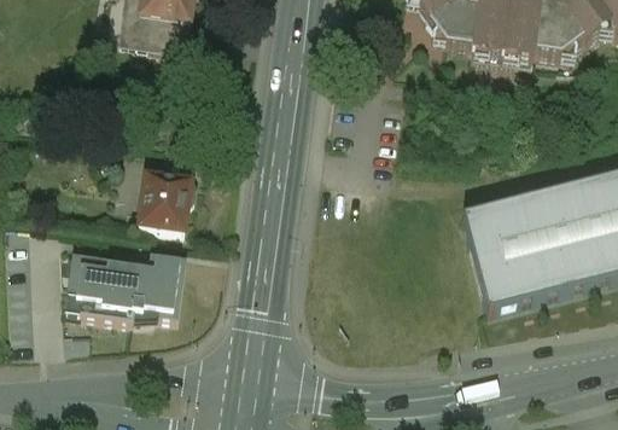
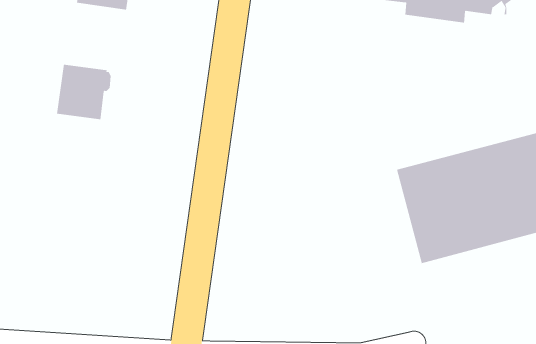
building: [138,170,194,227] -> [56,64,112,120]
building: [65,250,185,319] -> none

